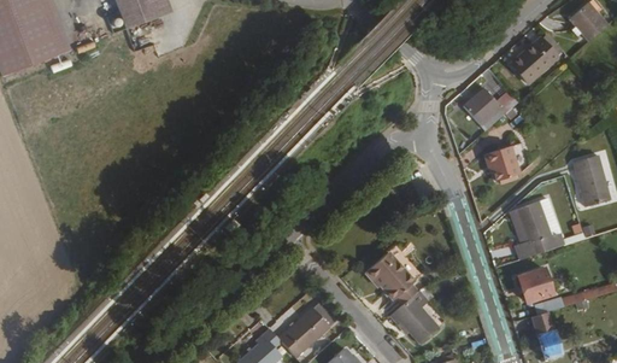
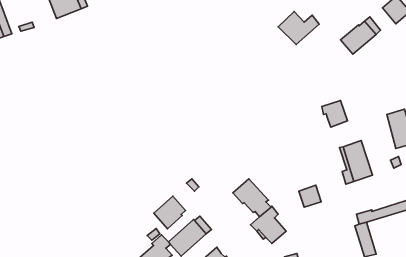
building: [464,86,519,130] -> [278,12,319,45]
building: [517,268,547,298] -> [299,185,321,207]
building: none -> [154,196,185,229]

